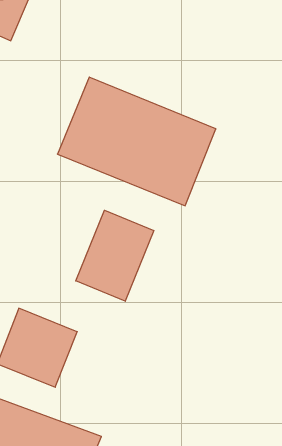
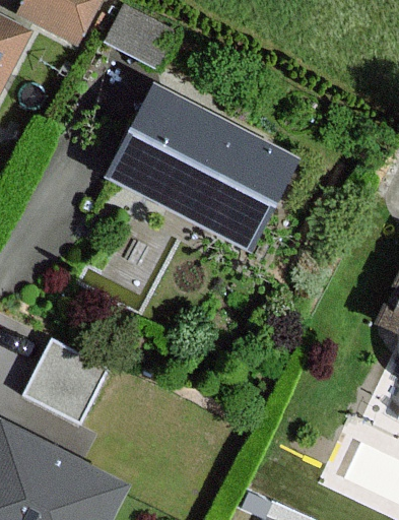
building: [76,210,154,301] -> none

